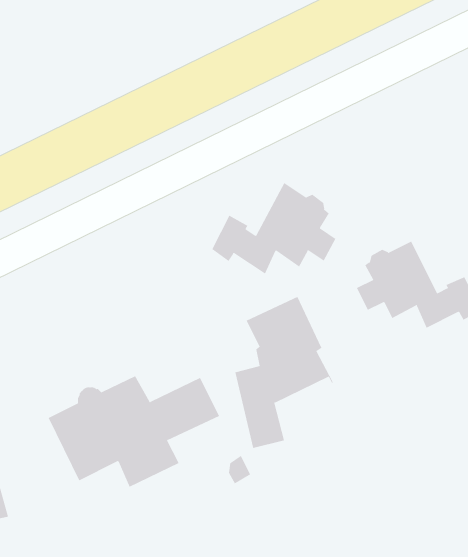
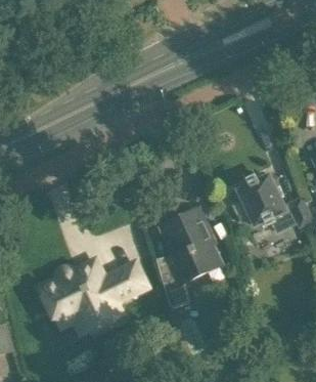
building: [211,182,336,274] -> none

